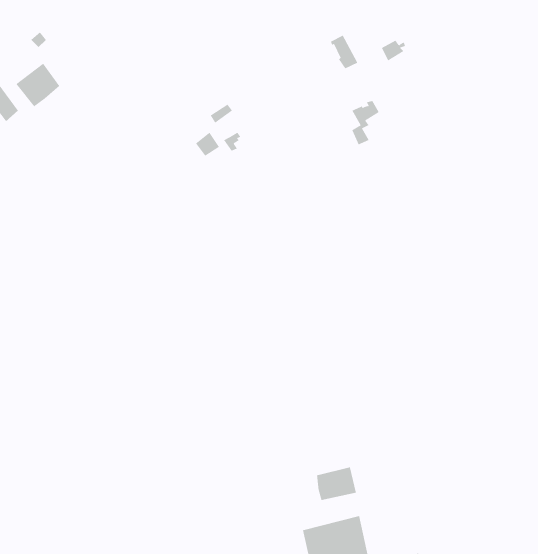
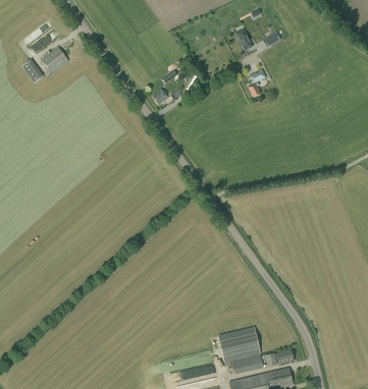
building: [316,466,356,501] -> none

